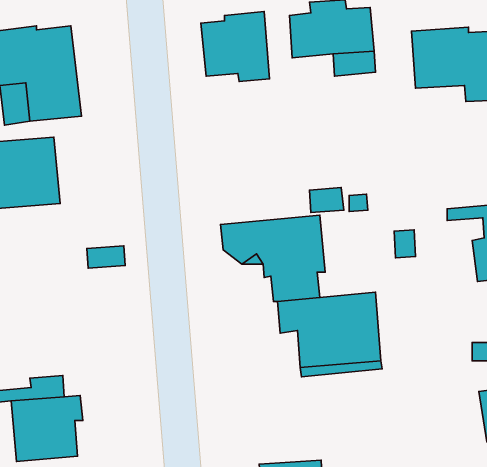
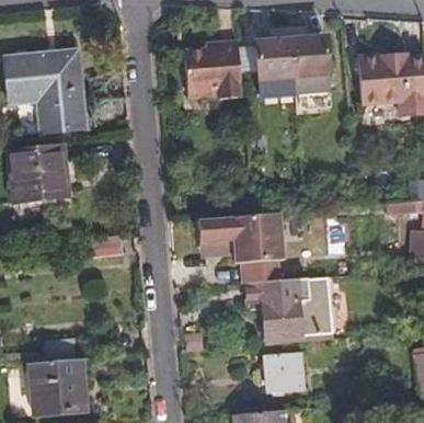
building: none -> [266,355,302,392]

